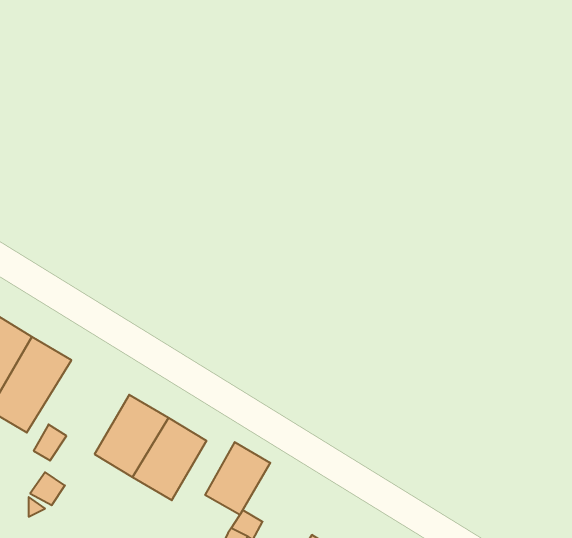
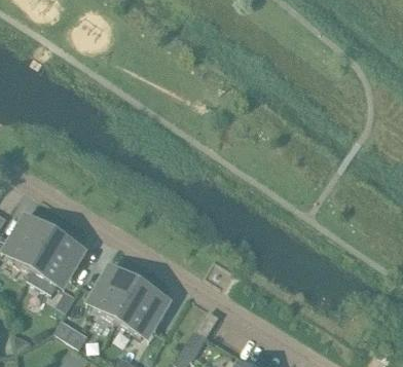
building: [205,442,270,515] -> none

